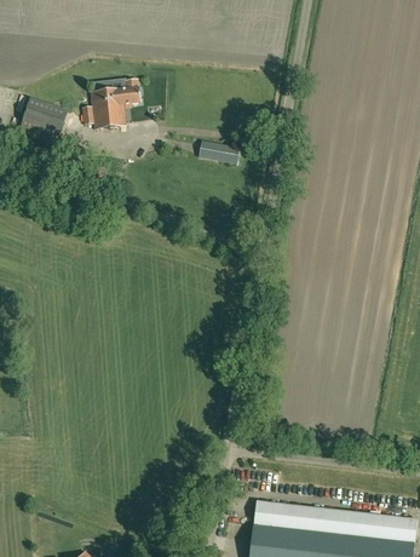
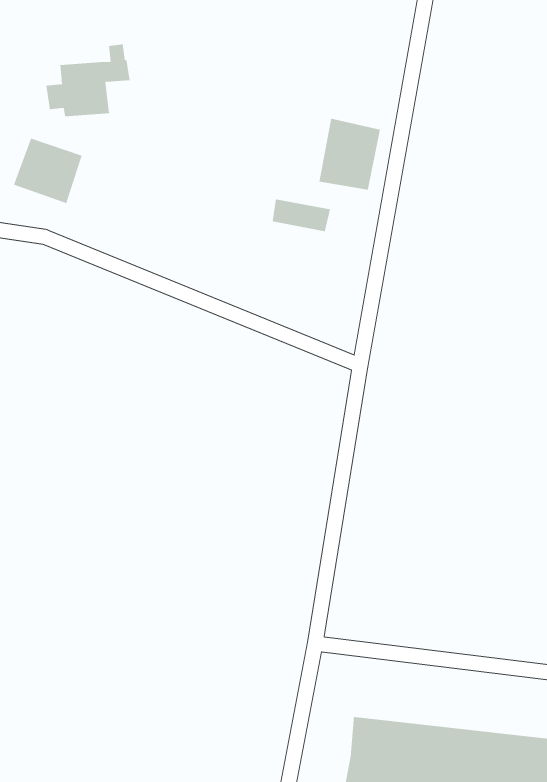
building: [81,76,140,127] -> [46,44,131,117]
building: none -> [319,118,381,191]

